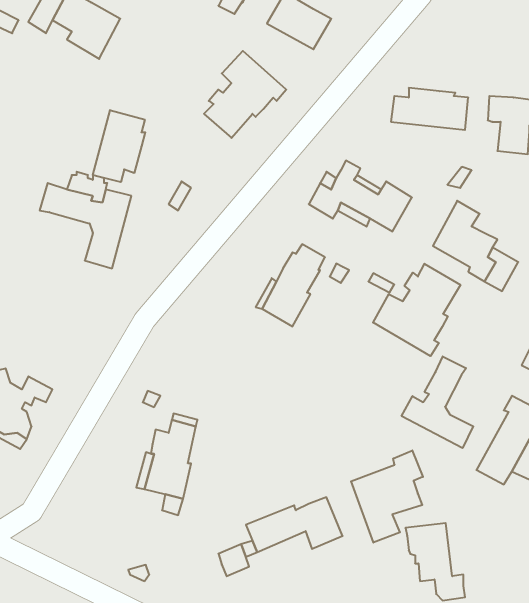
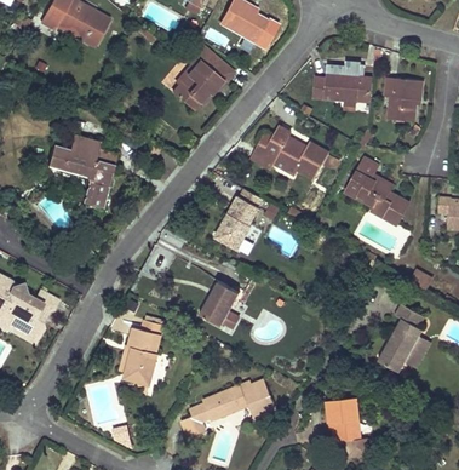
building: [93,110,145,182] -> none
building: [373,264,460,356] -> none
building: [402,356,473,448] -> none
building: none -> [199,281,245,329]
building: [351,450,423,543] -> none

